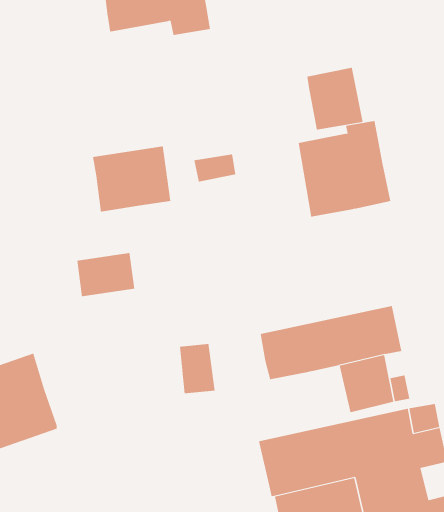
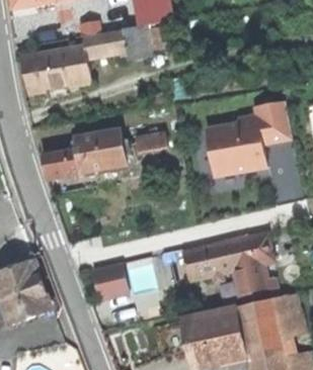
building: none -> [21,44,90,92]
building: [307,67,364,130] -> [254,100,291,141]
building: [77,253,135,297] -> [42,149,79,177]
building: none -> [91,261,128,297]

